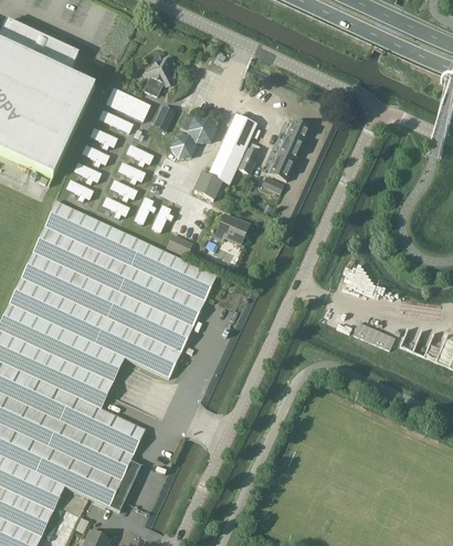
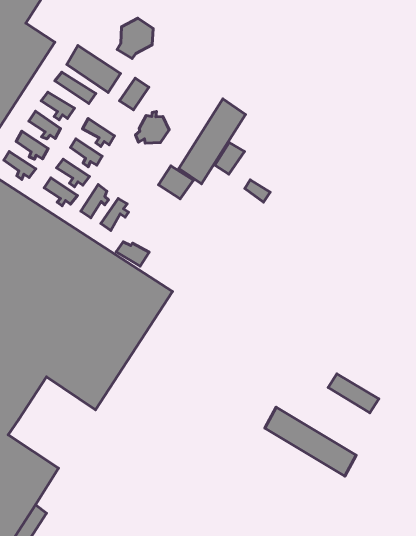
building: [188,117,215,143] -> none
building: [268,118,309,179] -> none
building: [214,213,250,242] -> none
building: none -> [265,407,356,476]

